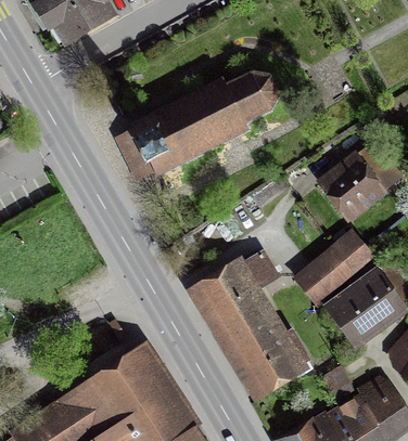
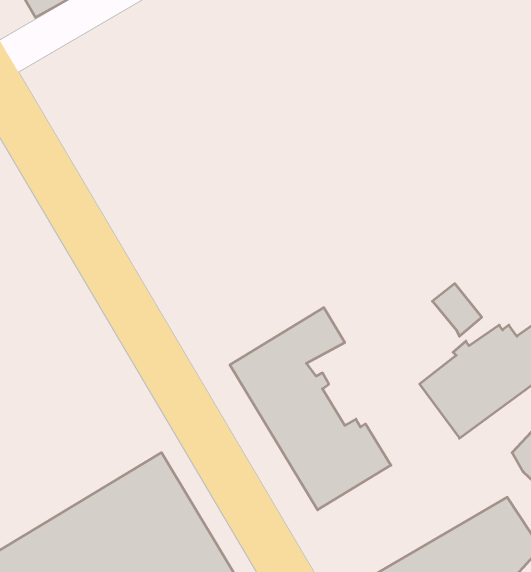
building: [130,70,278,173] -> none
building: [326,143,395,208] -> none
building: [299,246,353,298] -> none

